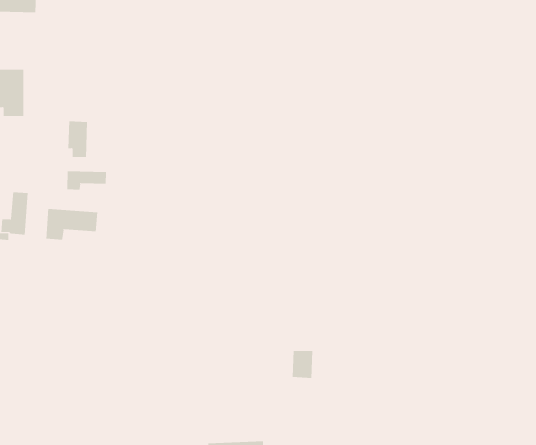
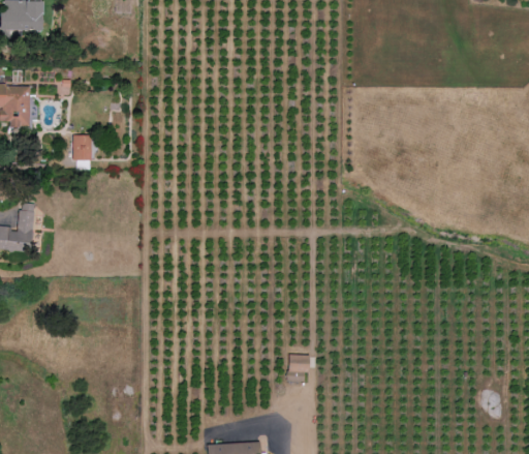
building: [67,170,107,190] -> none
building: [46,208,98,240] -> none

